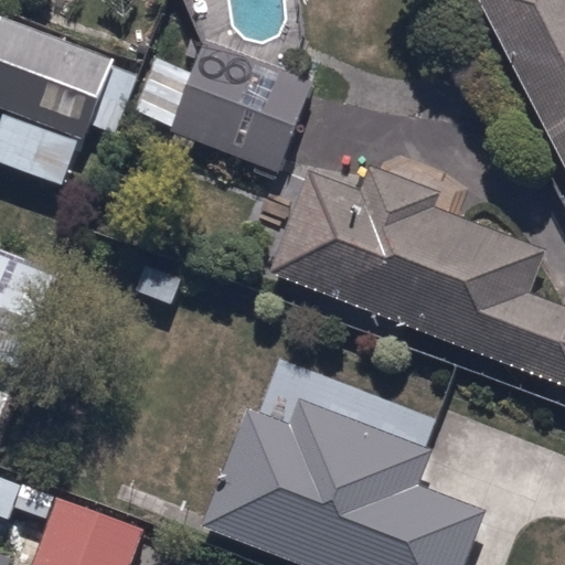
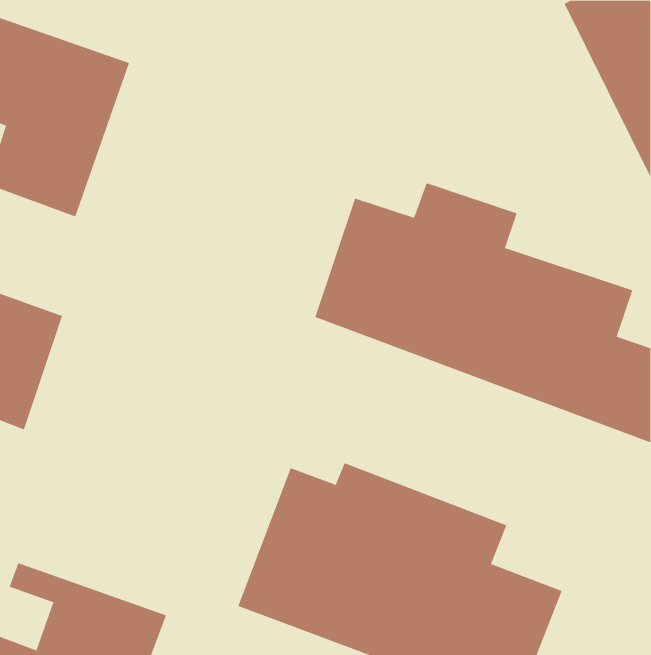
building: [137,40,313,158] -> none

